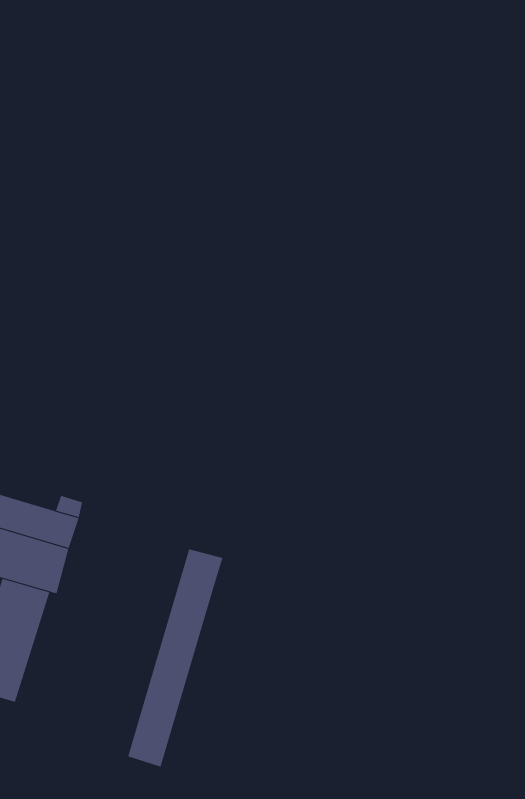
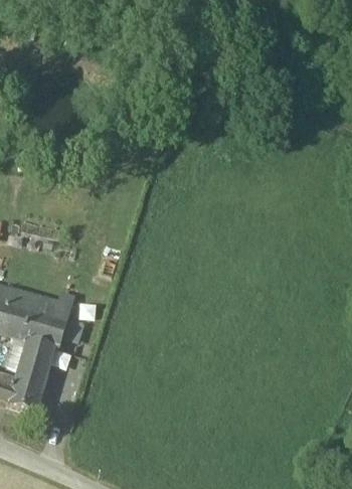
building: [127,549,223,767] -> none

